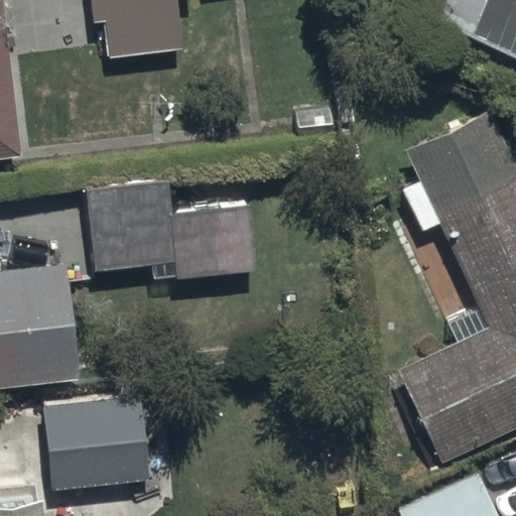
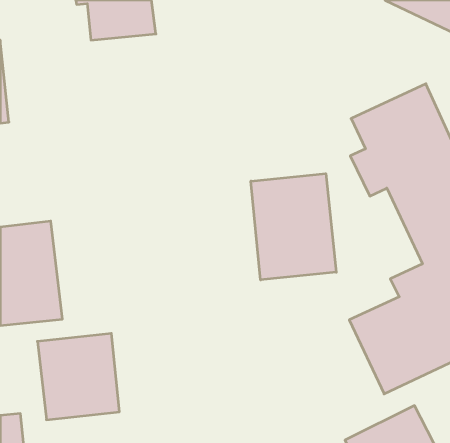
building: [87,175,251,284] -> none
building: none -> [251,174,336,280]

